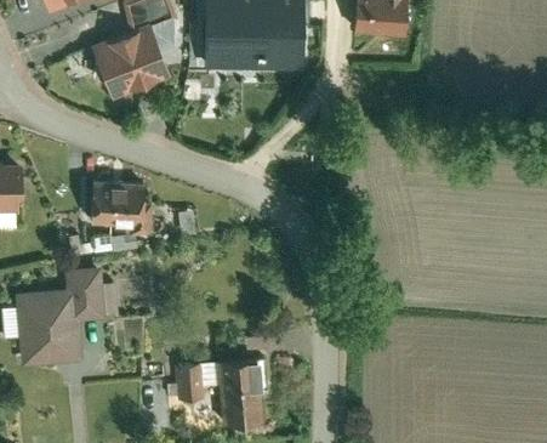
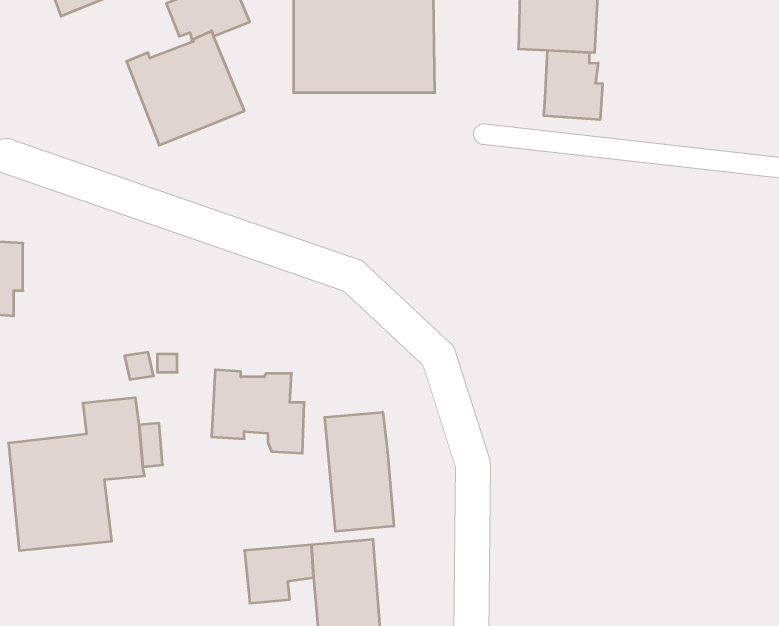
building: none -> [544,50,602,120]
building: [91,181,153,237] -> [212,370,304,453]
building: none -> [325,412,394,531]

